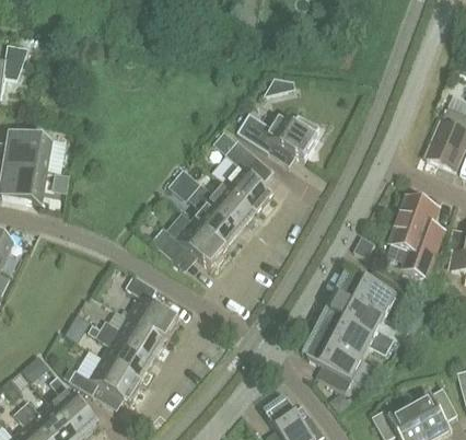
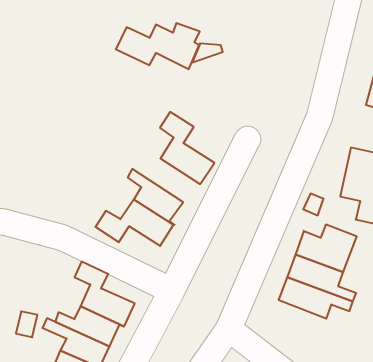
building: [235,113,318,161] -> [116,23,200,69]
building: [193,183,256,229] -> none
building: [305,335,361,392] -> none

